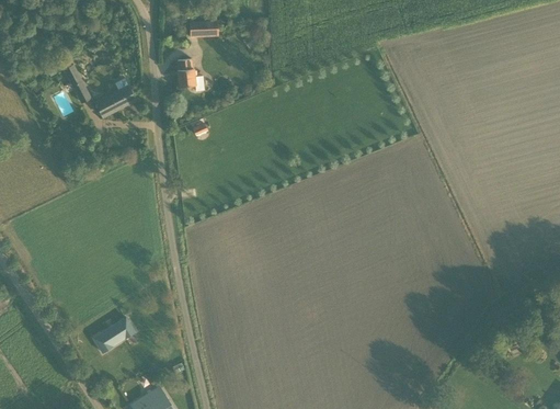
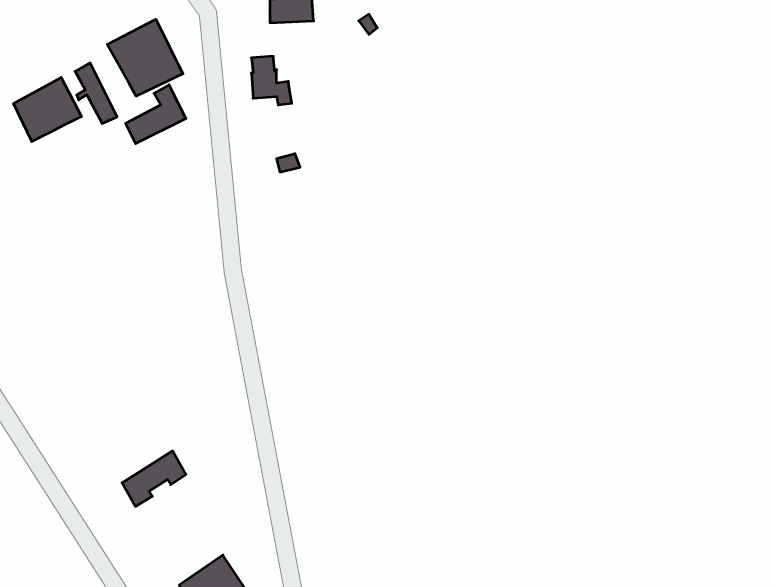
building: none -> [107,19,183,96]
building: none -> [14,77,81,142]

